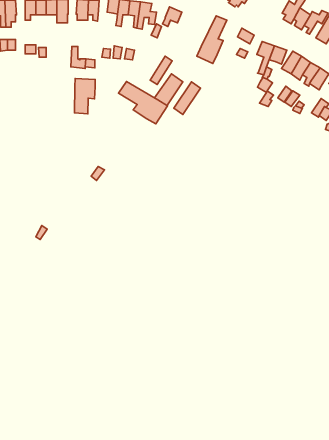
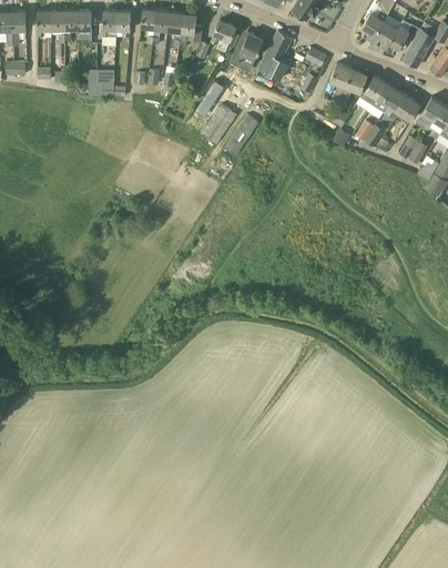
building: none -> [230,31,263,65]
building: [75,78,95,114] -> none
building: [119,81,167,124] -> none

